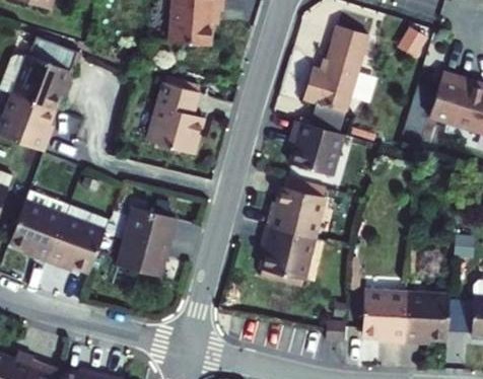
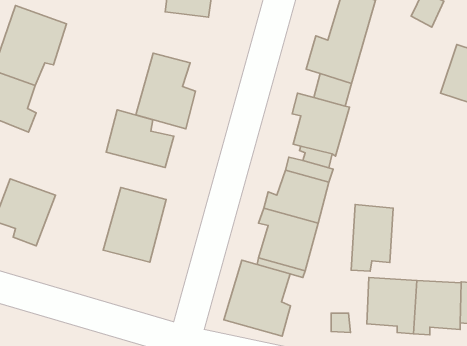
building: none -> [106,110,174,167]
building: [51,214,100,266] -> none
building: none -> [351,205,393,271]
building: none -> [224,260,291,336]

